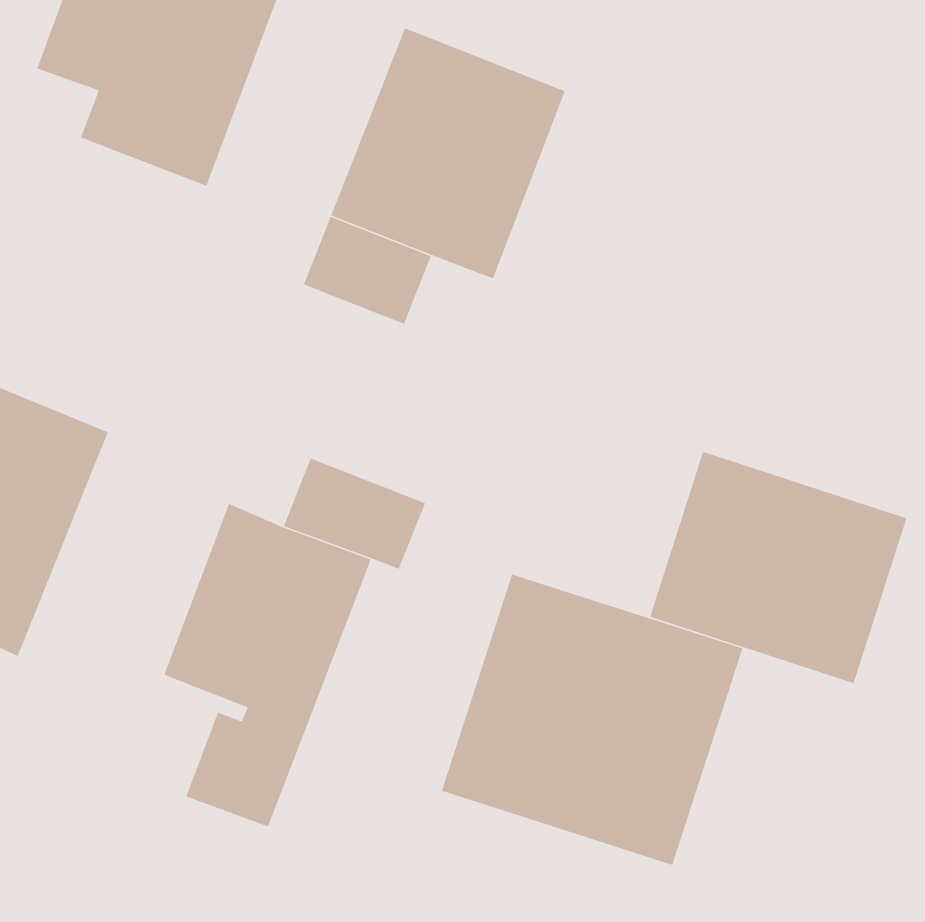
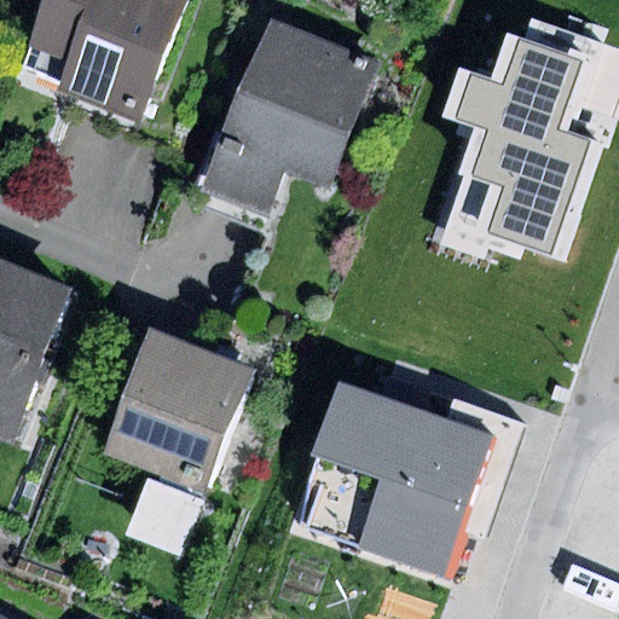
building: none -> [438,31,603,260]
building: [649,451,907,684] -> none

